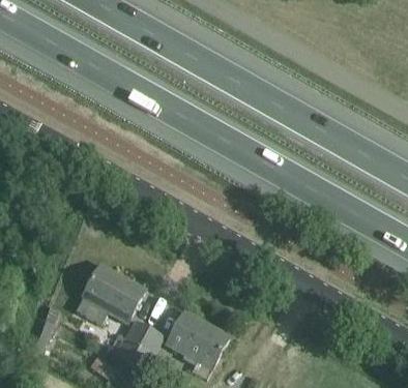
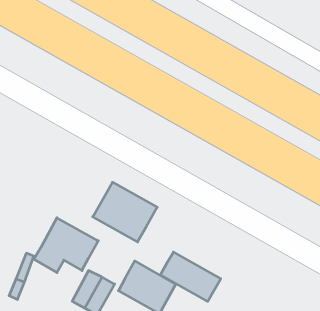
building: none -> [93,182,157,242]
building: none -> [160,252,221,301]

